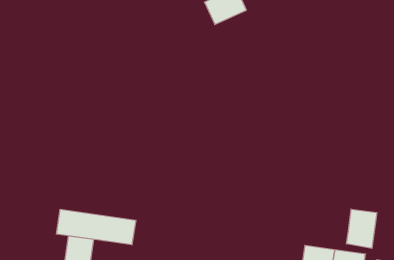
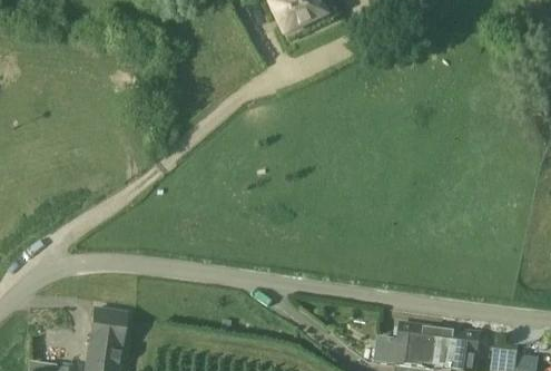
building: [346,209,377,248] -> none
building: [56,209,136,245] -> none

